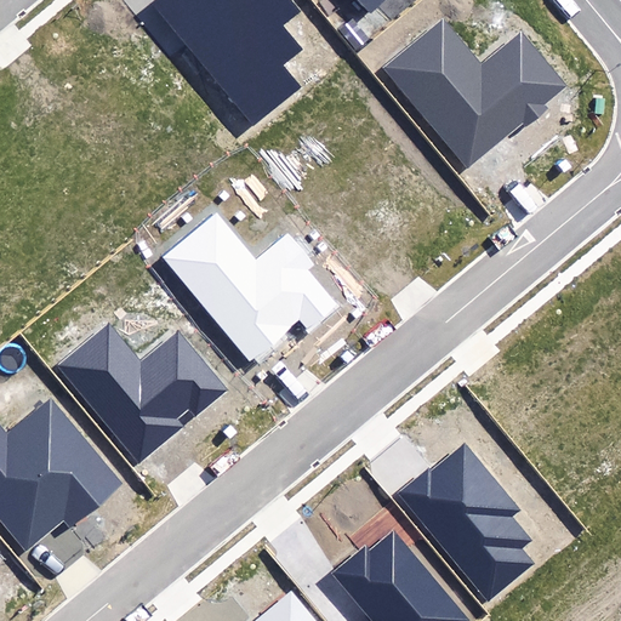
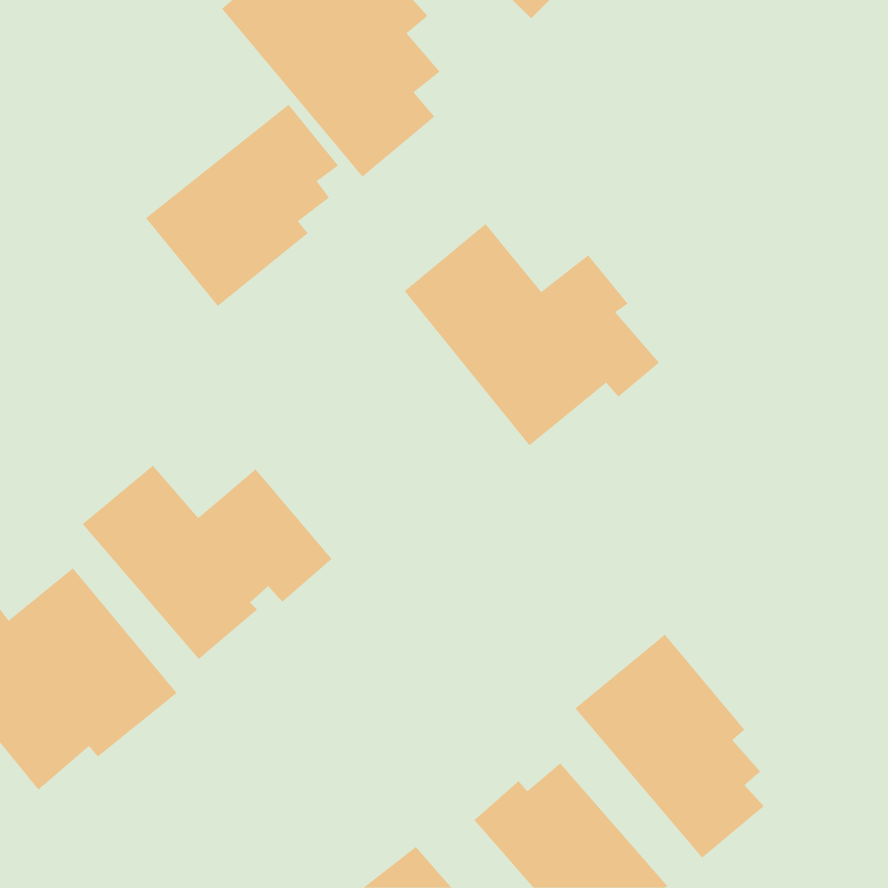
building: [382,18,566,166] -> none
building: none -> [145,104,339,307]
building: [159,209,337,364] -> [404,223,660,446]

